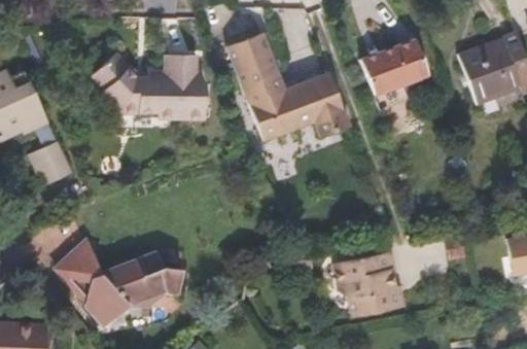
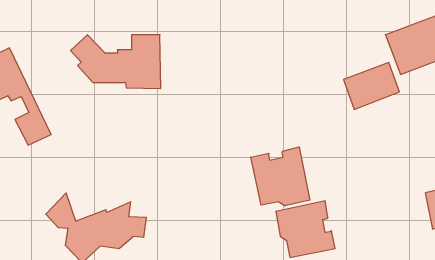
building: [230,32,350,138] -> none
building: [361,40,426,95] -> [344,63,399,109]
building: none -> [251,147,310,206]

